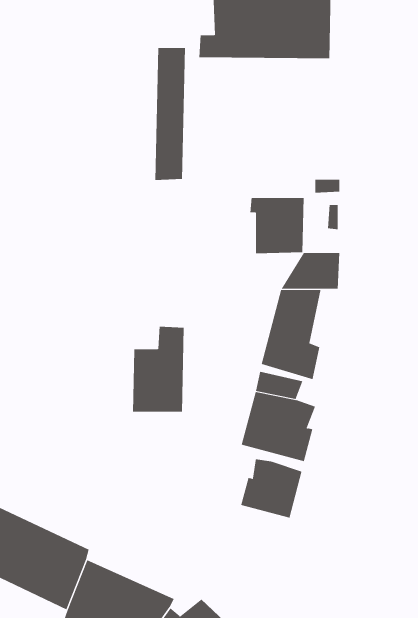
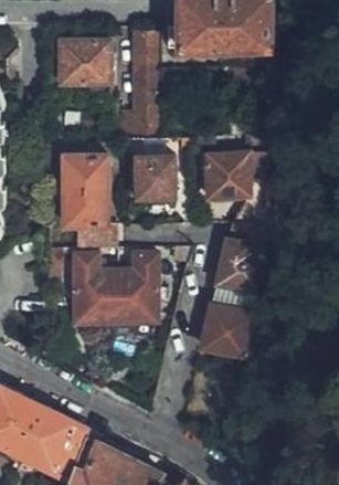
building: none -> [62,42,107,85]
building: none -> [63,148,116,246]
building: none -> [140,159,177,199]
building: none -> [74,255,116,323]
building: [240,458,302,518] -> none

